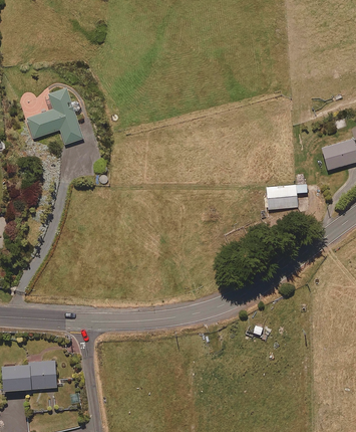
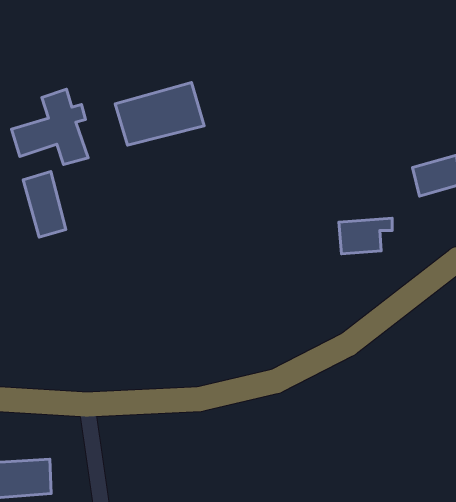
building: none -> [115,83,204,145]
building: none -> [23,172,66,237]

